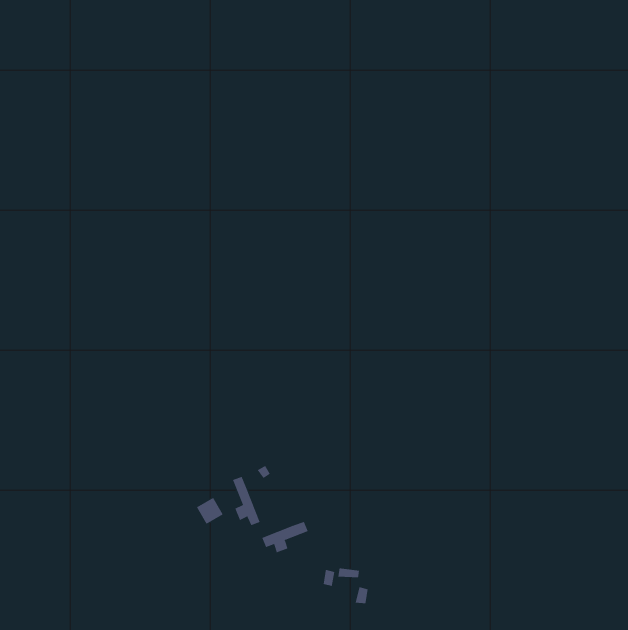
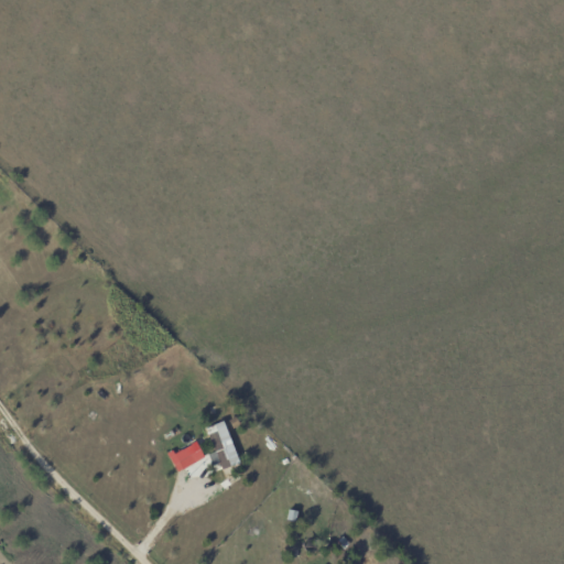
building: [261,521,309,553] -> none

